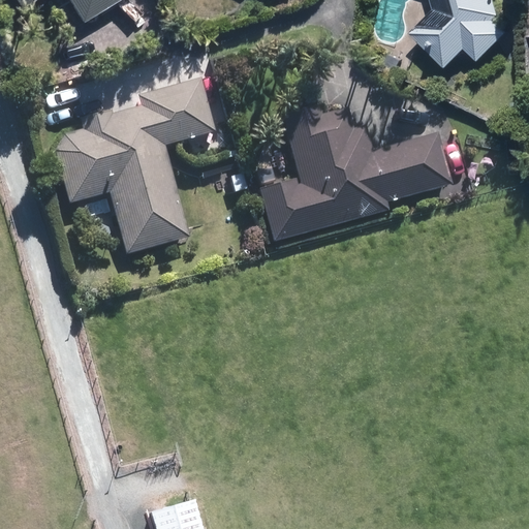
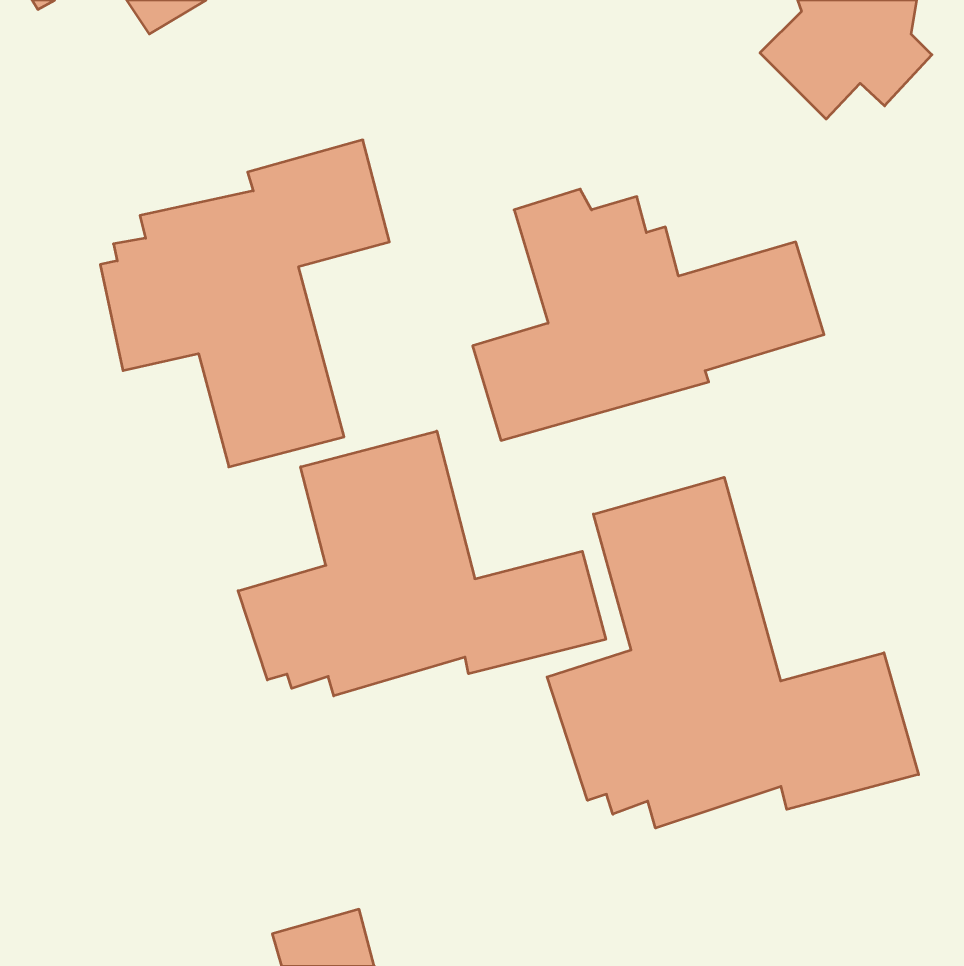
building: none -> [238,431,606,696]
building: none -> [547,477,919,828]

